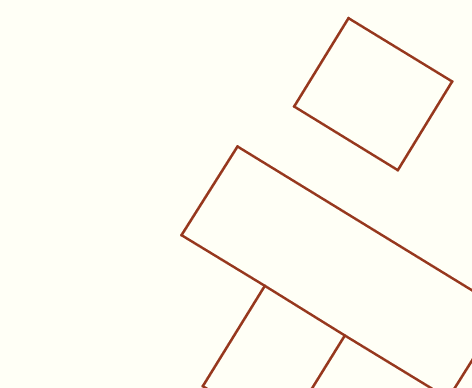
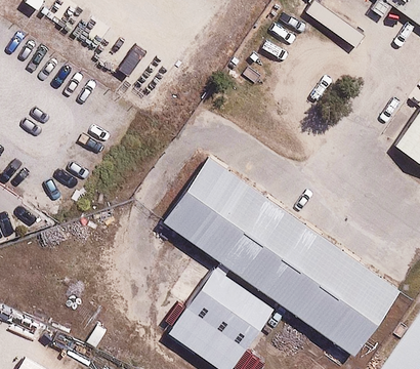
building: [294,18,452,170] -> none

